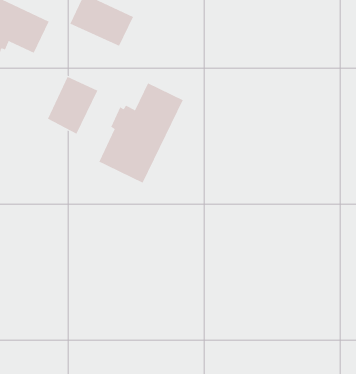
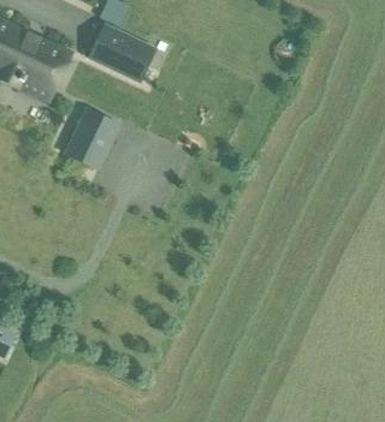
building: [96,83,183,184] -> none

